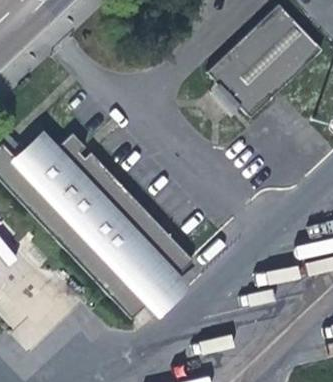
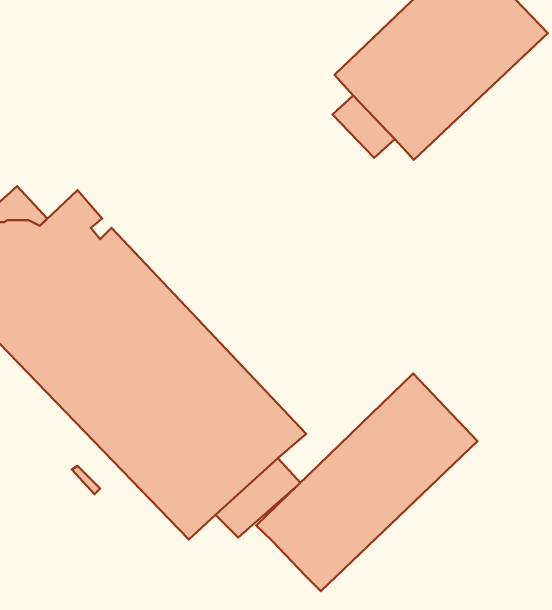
building: none -> [256,374,477,591]

